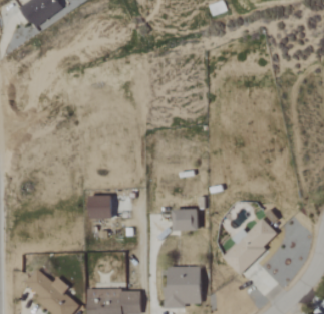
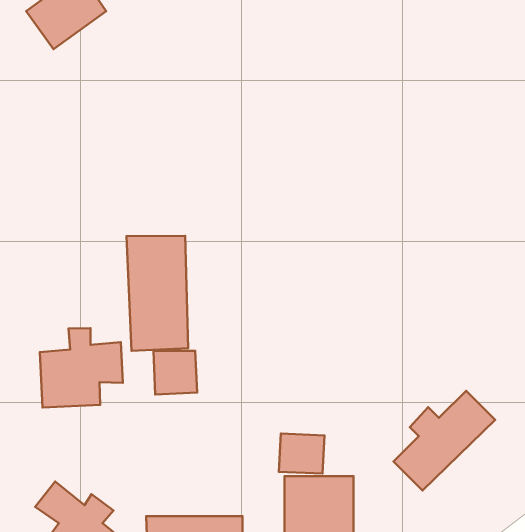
building: none -> [127,236,188,351]
building: none -> [40,328,123,407]
building: [175,211,200,233] -> [279,434,324,473]

